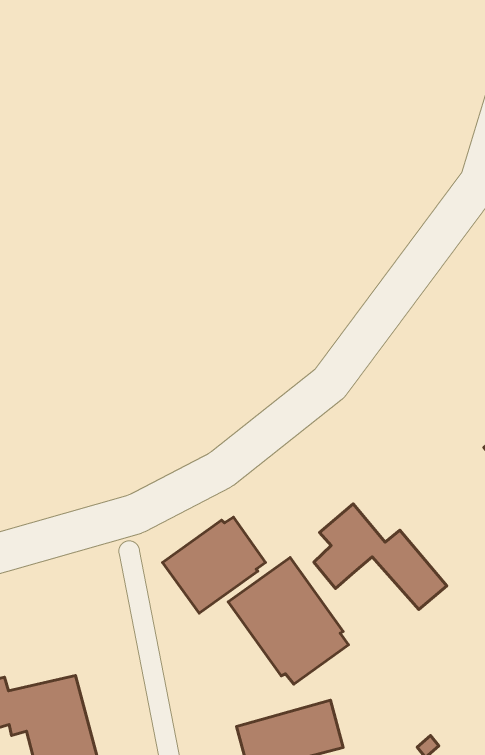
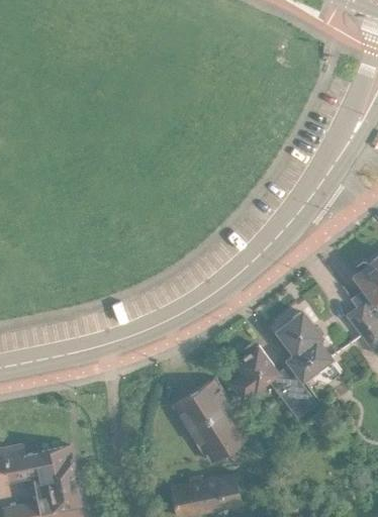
building: none -> [278,313,330,379]
building: [163,517,266,613] -> none

